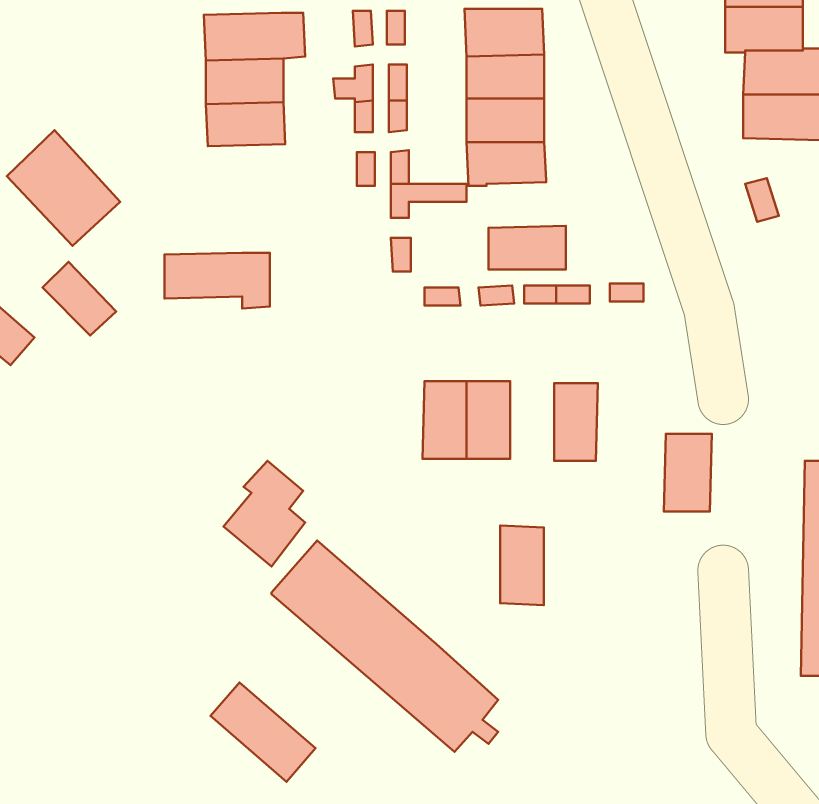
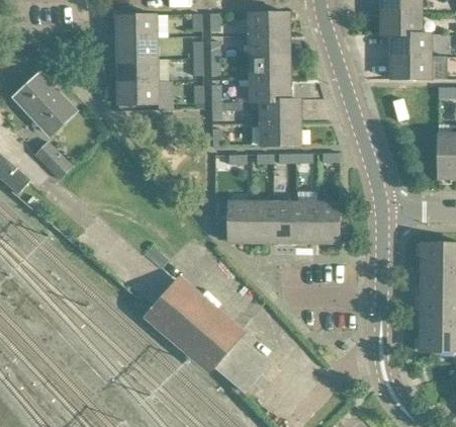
building: none -> [260,99,300,124]
building: [164,253,270,308] -> [118,82,172,110]
building: [664,434,712,512] -> [315,203,340,243]
building: [500,525,544,605] -> [272,202,294,243]
building: [210,682,316,782] -> none

